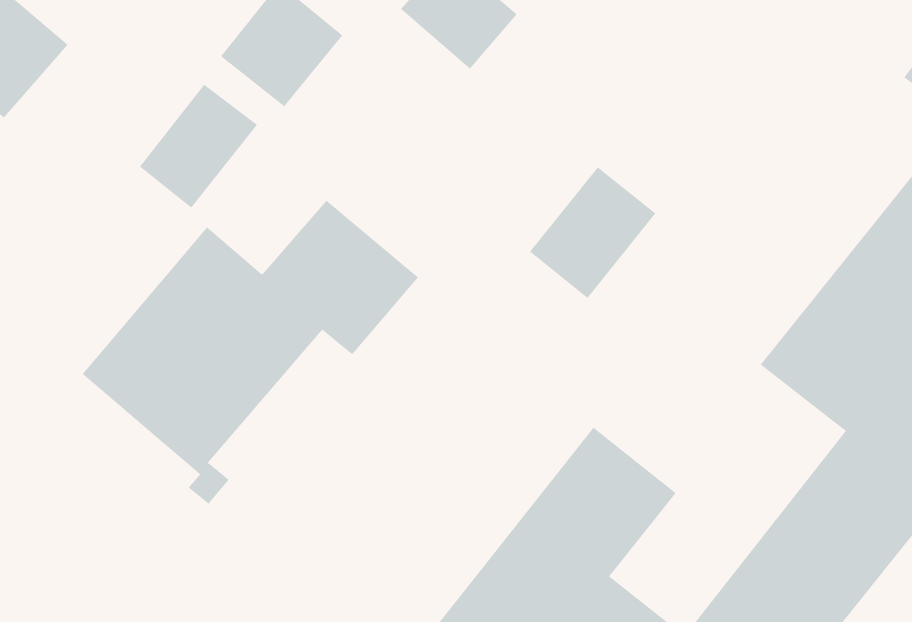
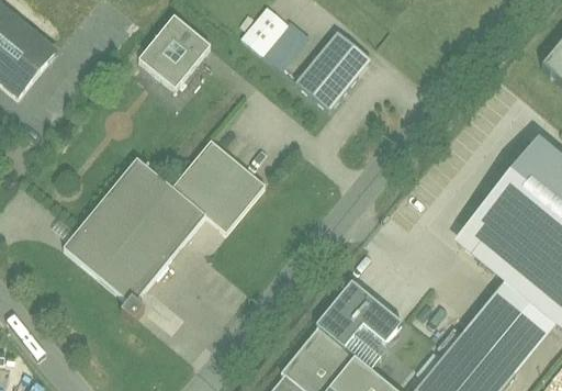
building: [139,84,258,208] -> none
building: [529,166,656,299] -> [297,36,371,113]

